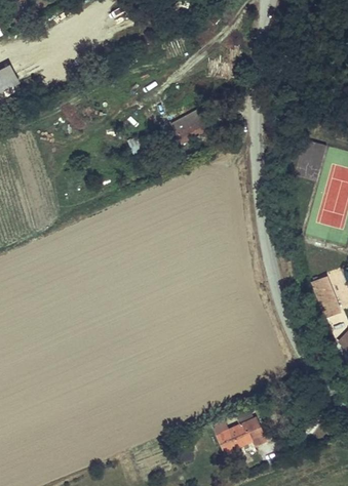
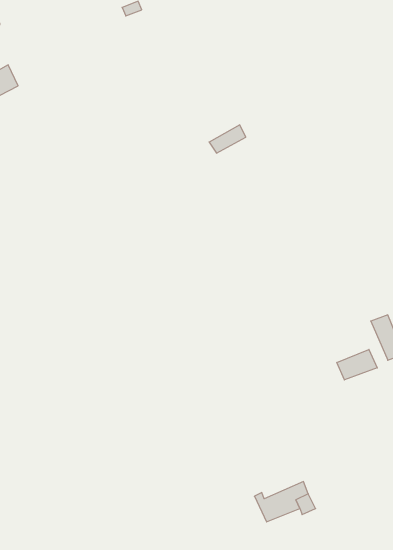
building: none -> [337,349,377,380]

